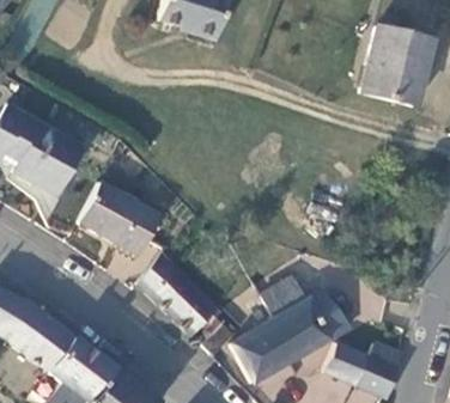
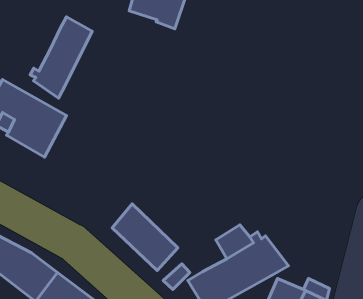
building: [360,28,431,108] -> none
building: none -> [30,17,92,98]
building: [78,183,160,256] -> none

